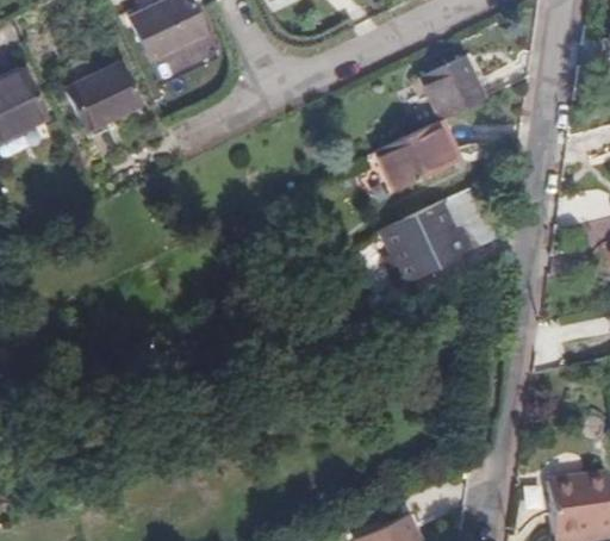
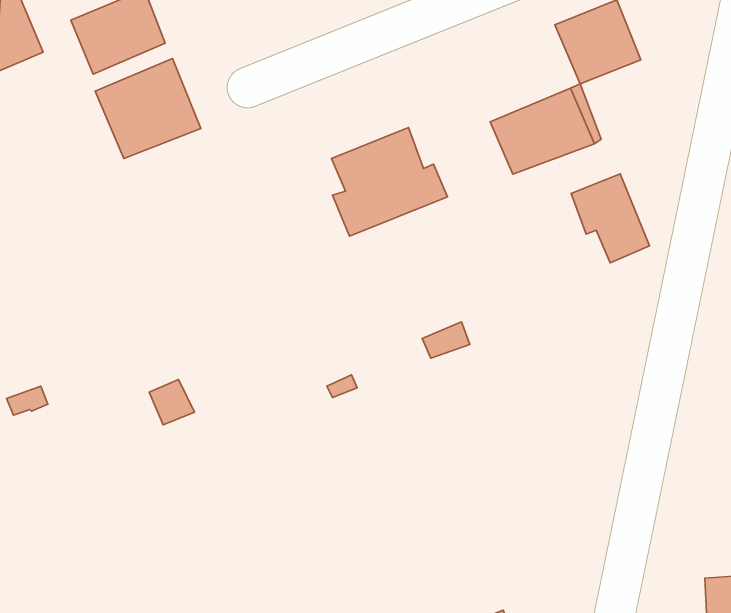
building: none -> [95,59,201,159]
building: [386,200,474,284] -> [331,128,448,236]

